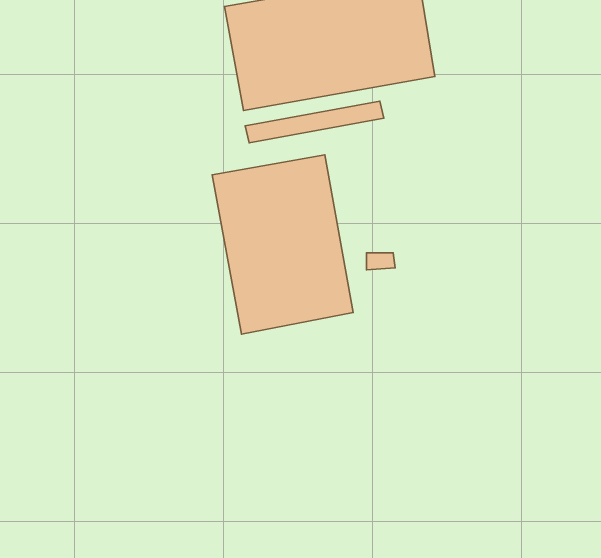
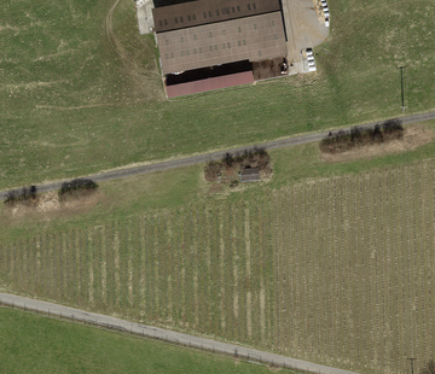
building: [212,155,353,334] -> none

